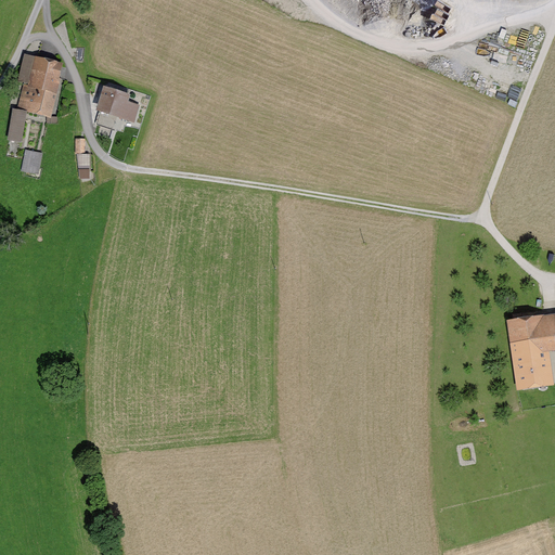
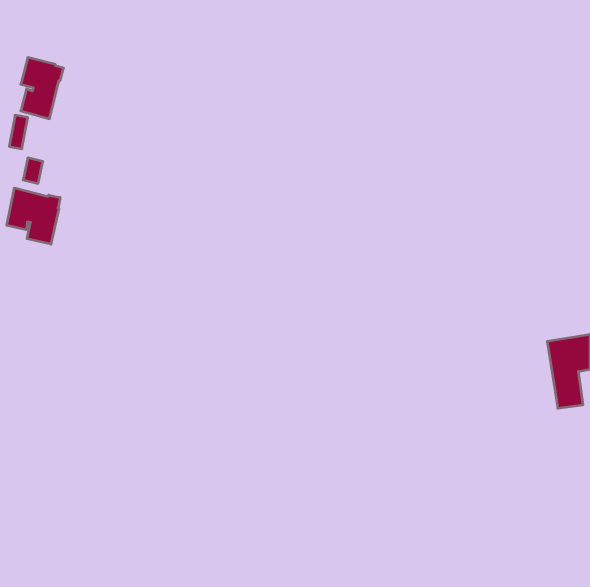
building: [96,89,138,128] -> none
building: none -> [7,188,60,244]

